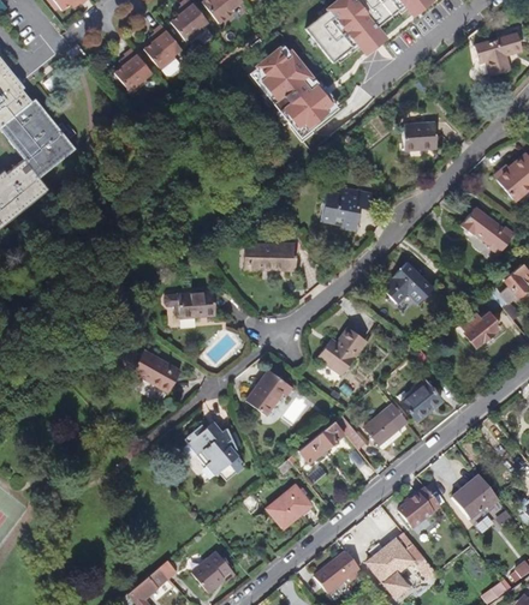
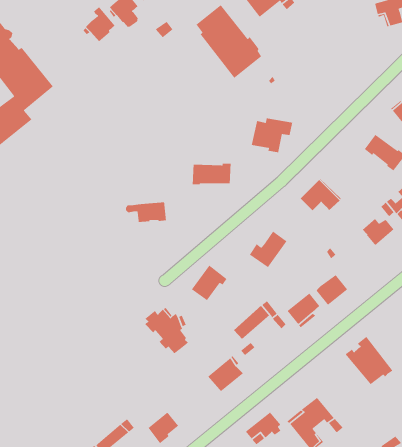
building: [403,121,438,149] -> none
building: [119,349,182,389] -> none
building: [398,487,440,528] -> none

